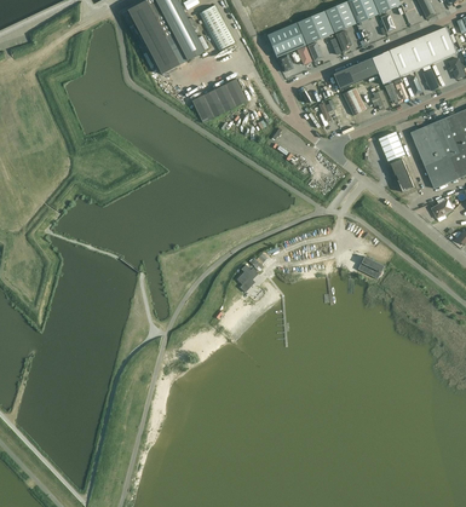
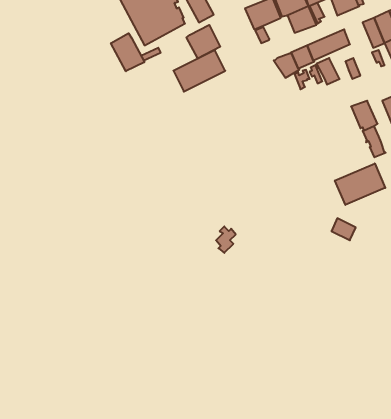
building: [372,50,402,83] -> none
building: none -> [186,25,220,59]
building: none -> [111,33,144,71]
building: none -> [335,163,385,205]

